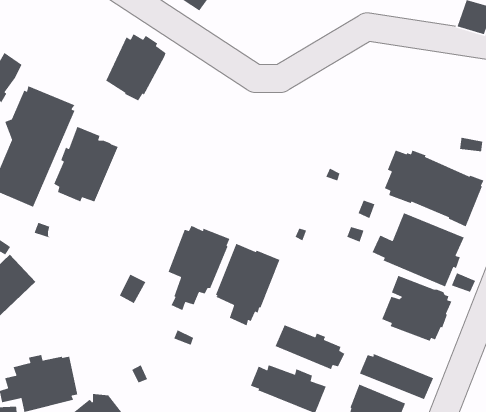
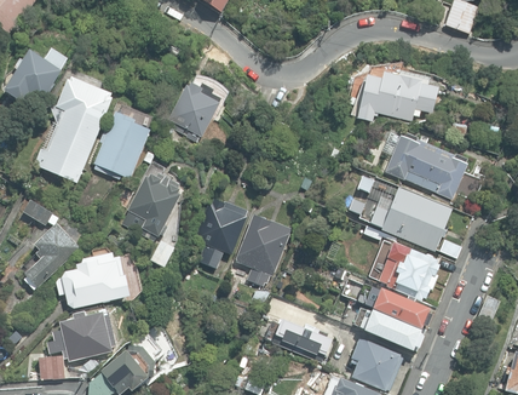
building: [105,33,167,102] -> [168,82,221,142]
building: none -> [357,71,438,121]
building: none -> [123,162,182,241]
building: none -> [57,252,131,308]
building: [274,324,346,370] -> [372,288,433,328]

